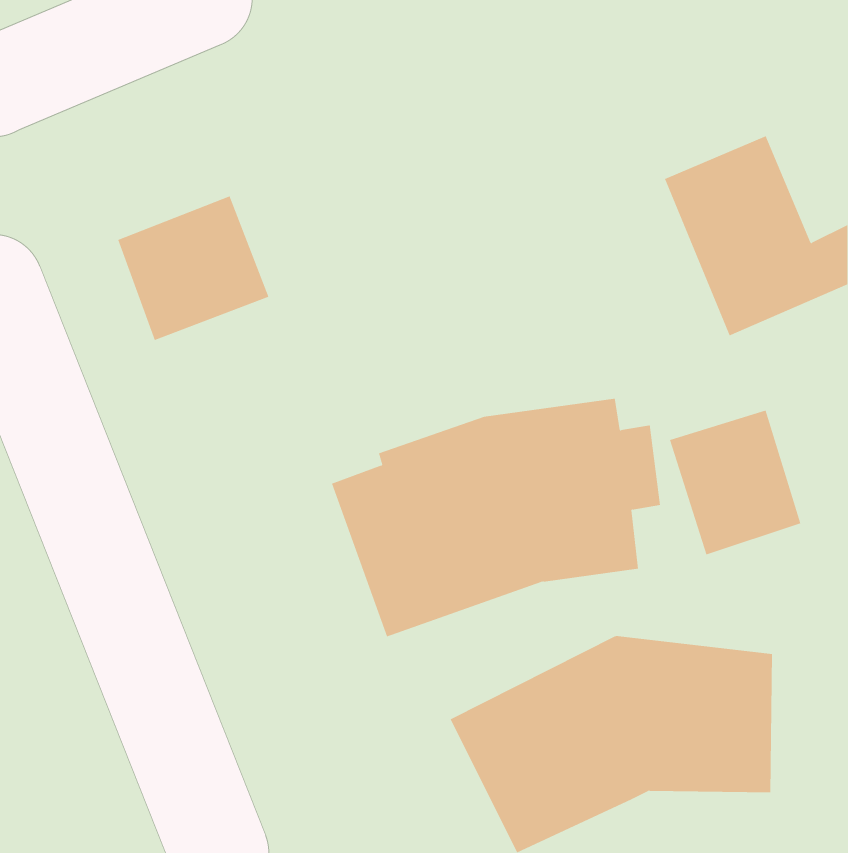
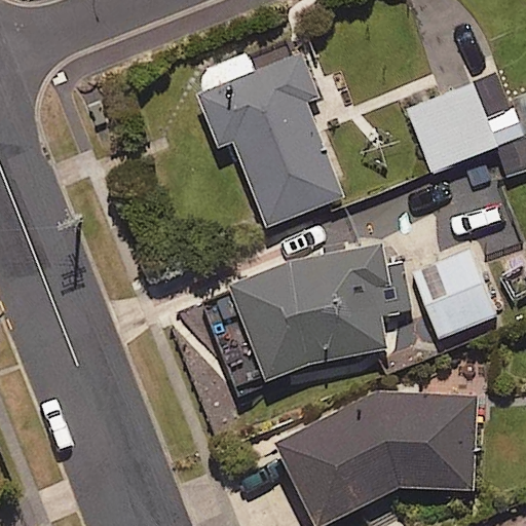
building: none -> [190,51,343,225]
building: [117,196,269,341] -> none

